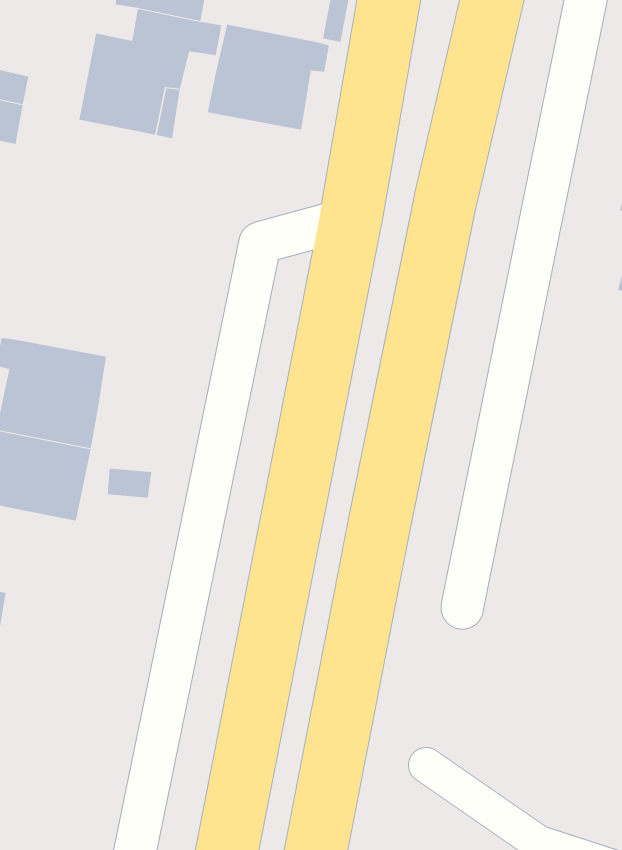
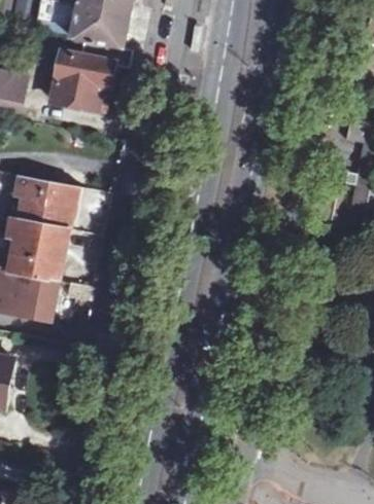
building: [207,24,330,130] -> none
building: none -> [15,165,76,220]

